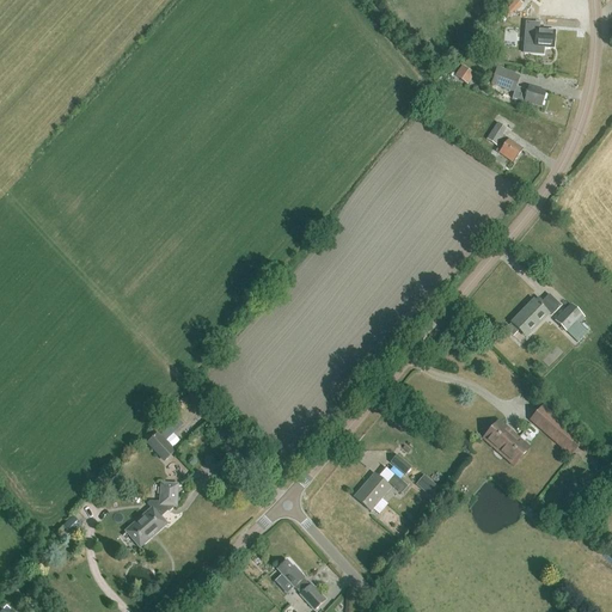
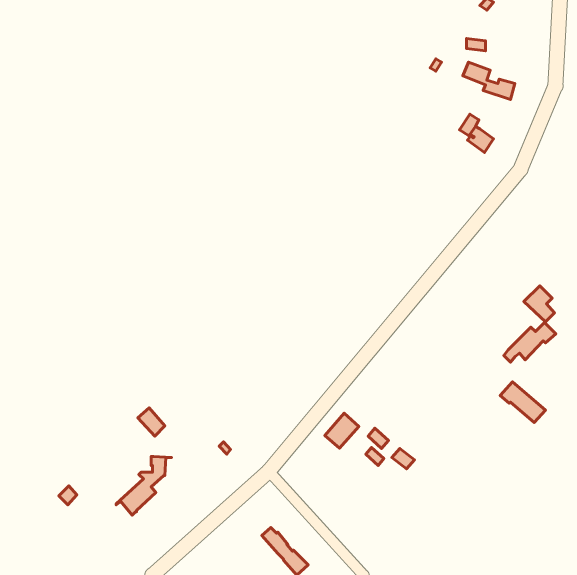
building: [524,20,555,53] -> none
building: [506,293,561,335] -> [504,323,556,362]
building: [482,420,528,464] -> none
building: [354,472,390,509] -> [325,413,359,448]

